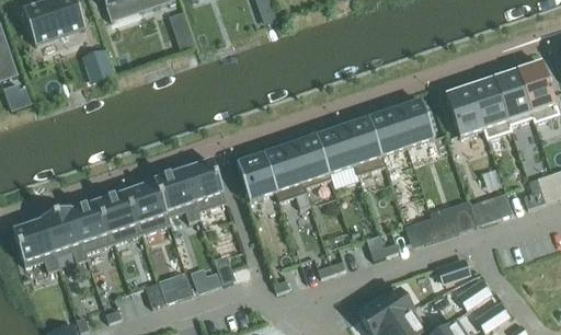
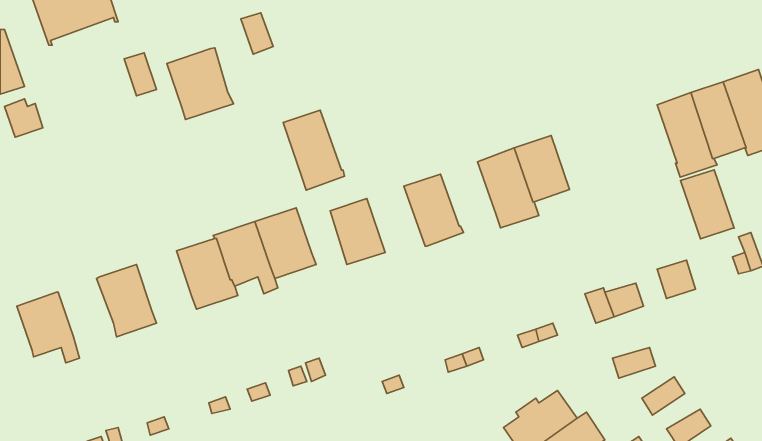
building: none -> [167,48,233,120]
building: [446,86,484,136] -> [680,170,734,239]
building: [394,100,435,147] -> none
building: [316,127,355,173] -> none
building: [263,145,307,201] -> [283,110,345,190]
building: [99,190,141,242] -> none
building: [41,207,87,261] -> none

